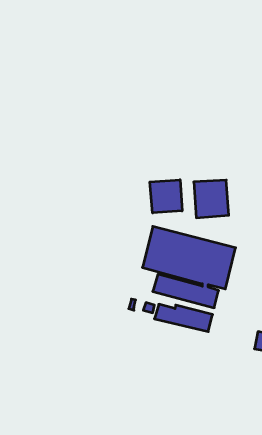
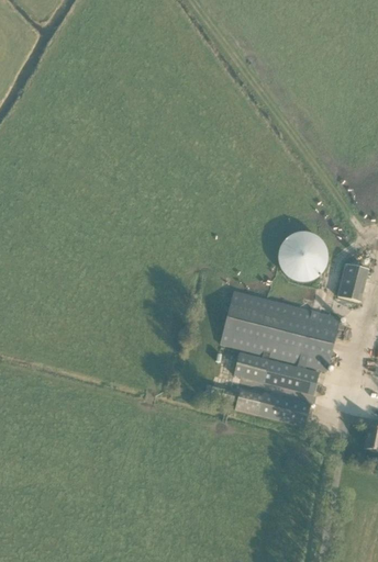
building: [150,180,182,213] -> none
building: none -> [336,265,366,303]

